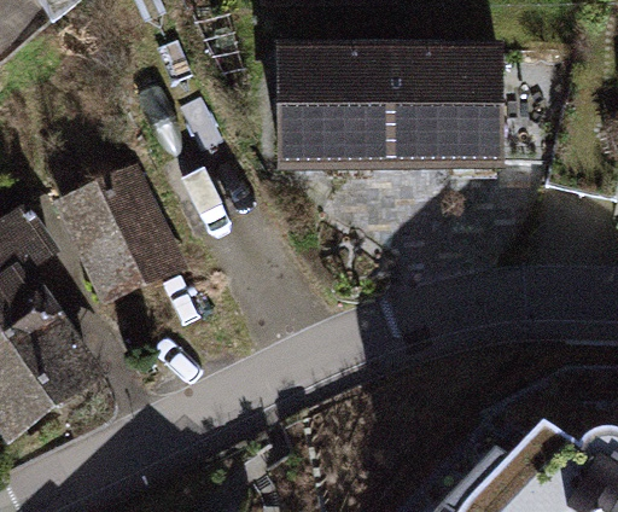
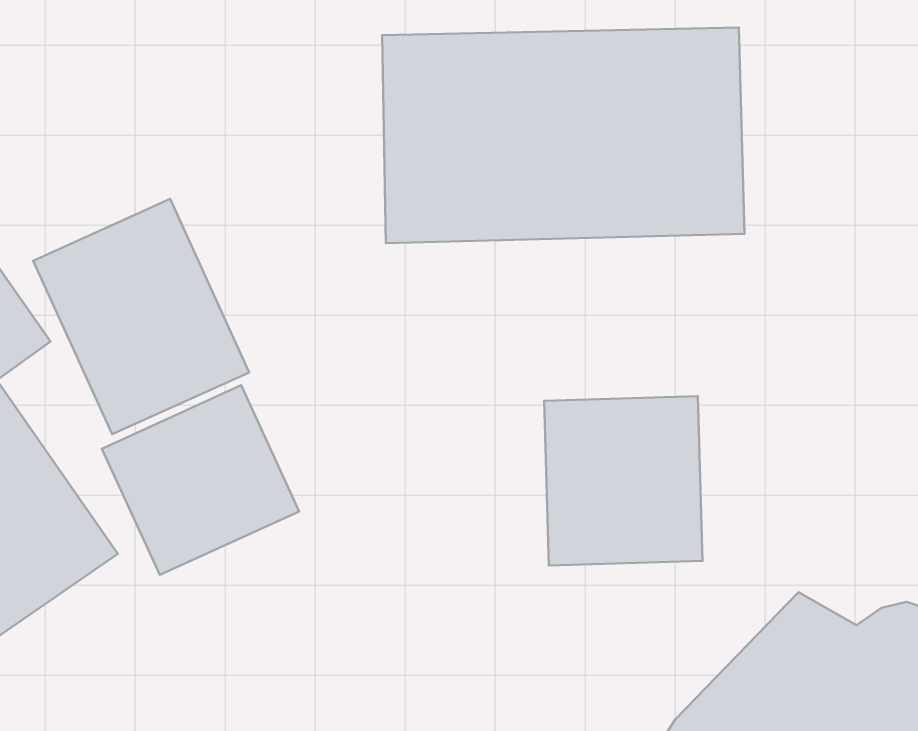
building: none -> [102,385,299,575]
building: none -> [544,396,702,565]

